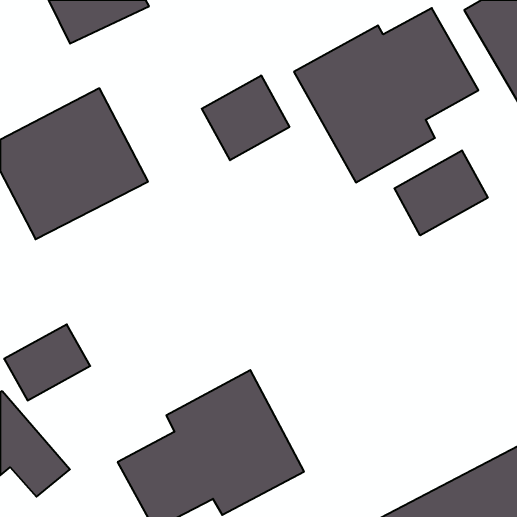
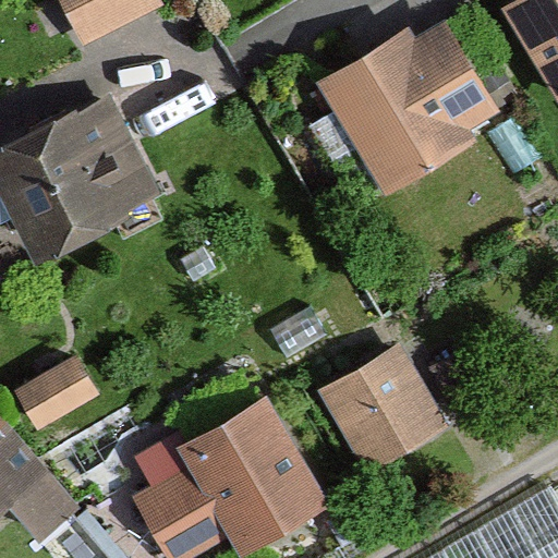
building: [202,75,289,160] -> none
building: [394,150,488,235] -> none
building: none -> [312,342,450,478]

